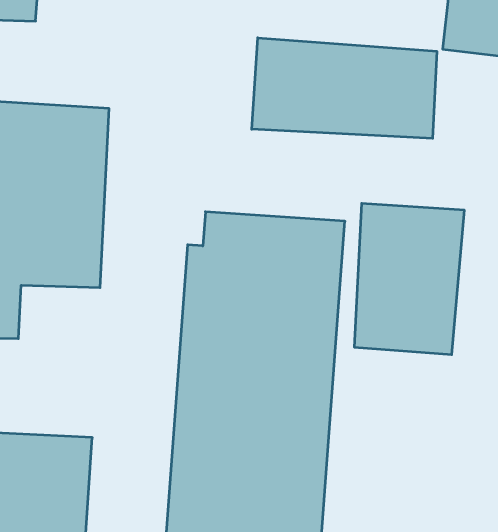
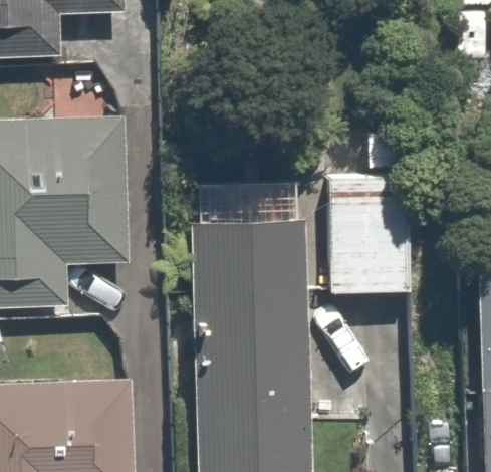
building: [252,38,437,138] -> none

